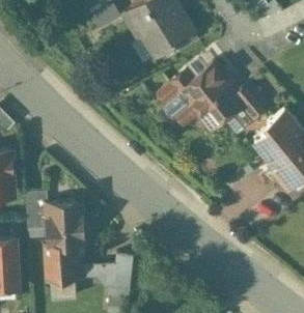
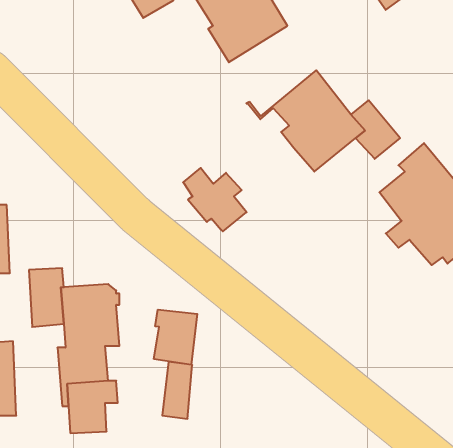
building: [157,83,198,124] -> [183,168,247,231]
building: none -> [154,310,197,365]

